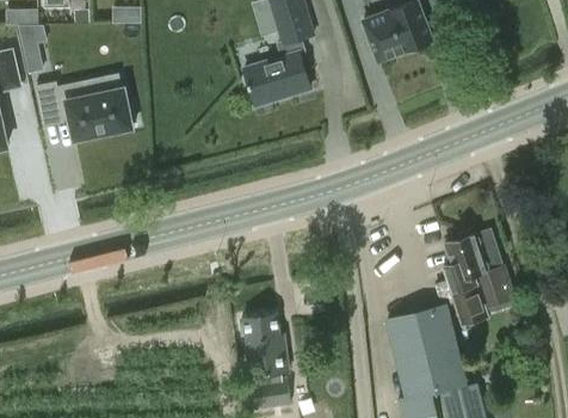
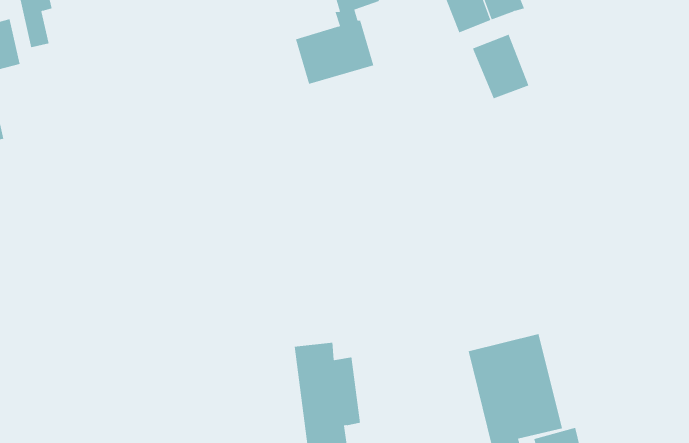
building: none -> [472,34,529,99]
building: [37,82,136,139] -> none
building: [443,228,507,322] -> none

